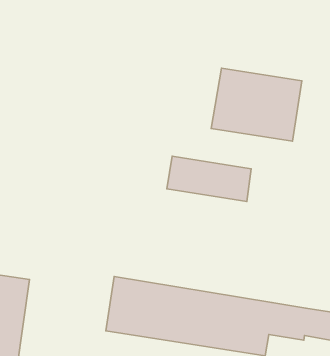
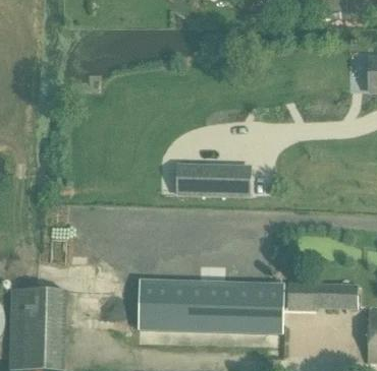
building: [211,68,302,141] -> none

